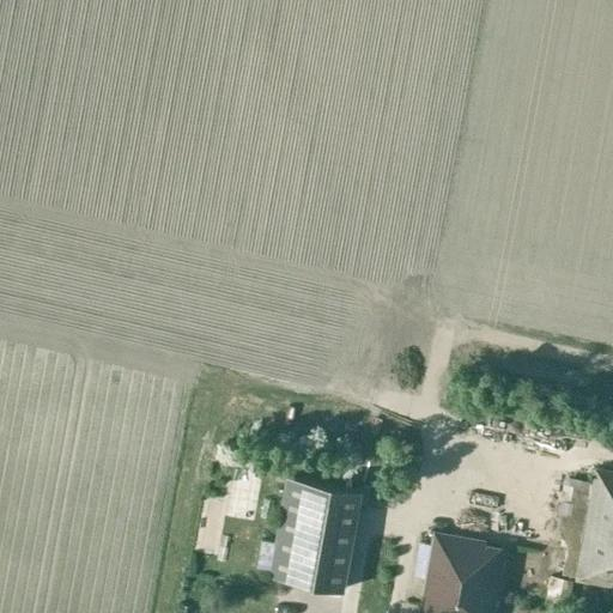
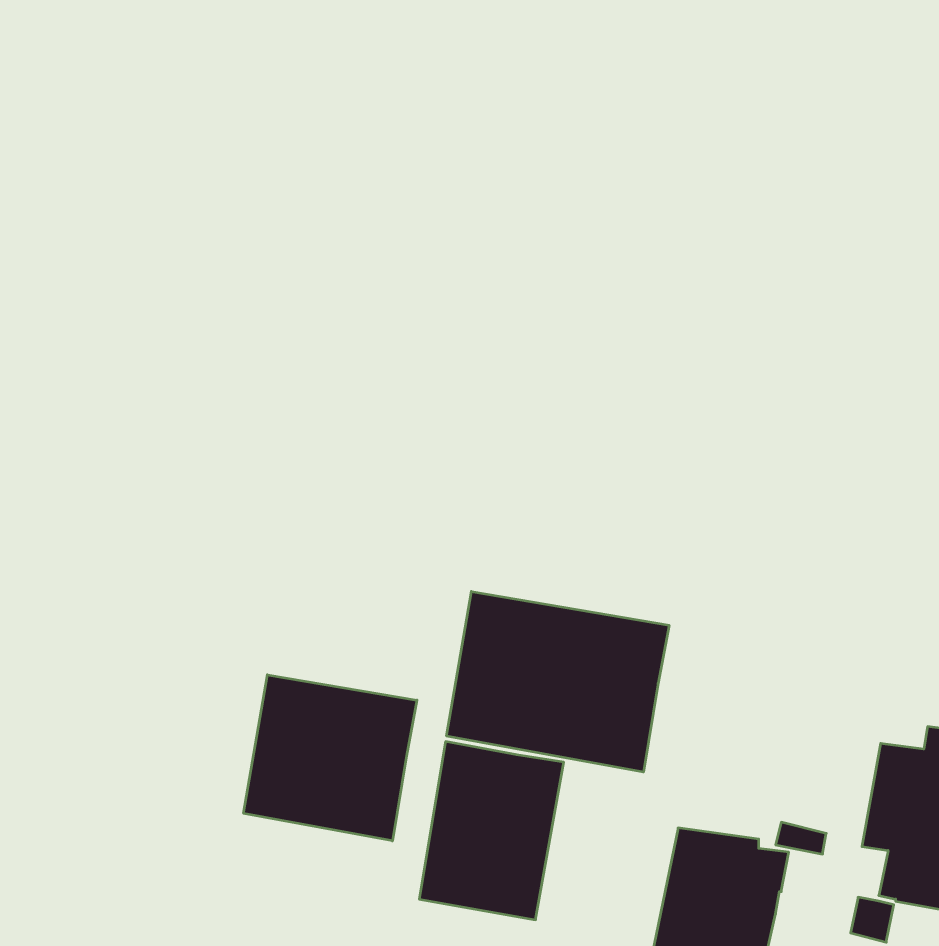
building: none -> [447,591,669,772]
building: none -> [244,675,417,841]

